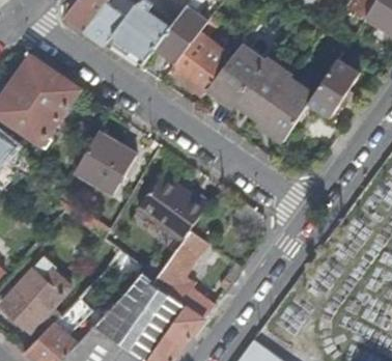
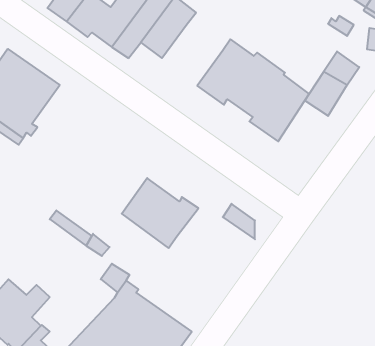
building: [168,15,231,94] -> none
building: [75,130,136,191] -> none
building: [150,228,213,317] -> none

